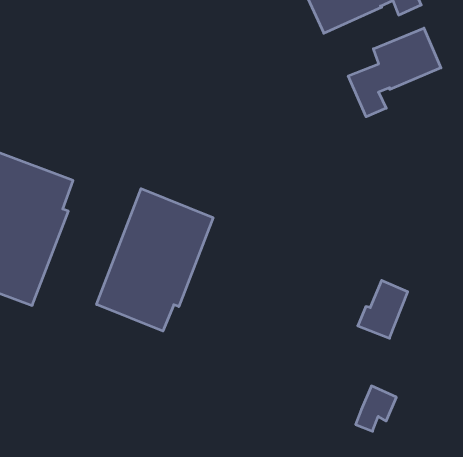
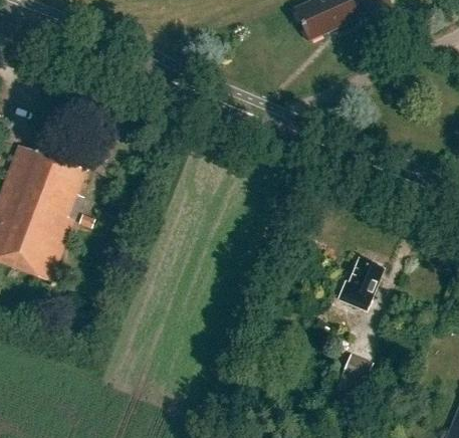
building: [348,28,441,117] -> none
building: [97,189,213,331] -> none

